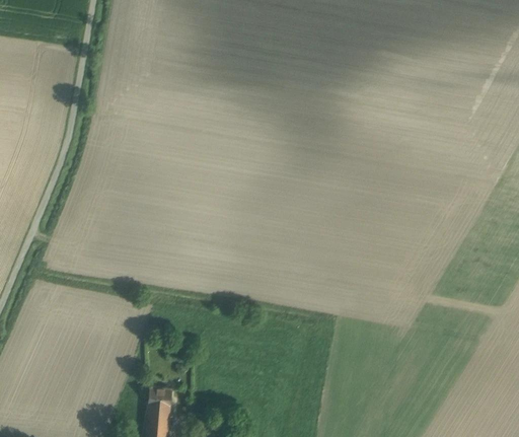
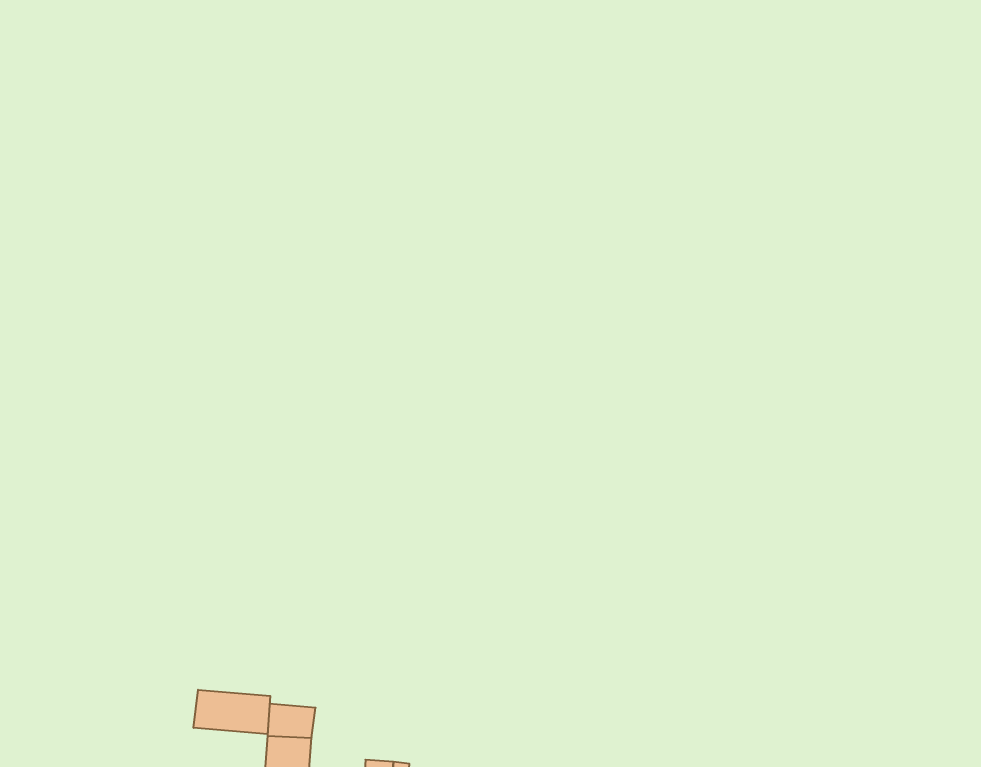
building: none -> [194,690,270,734]

